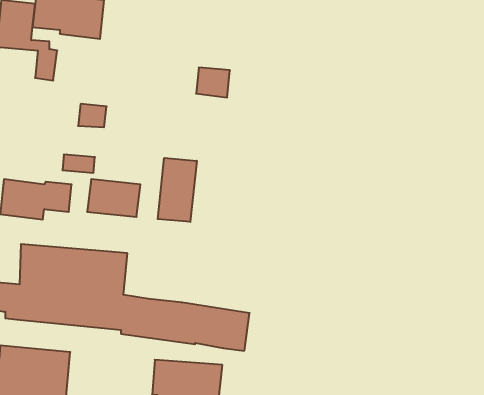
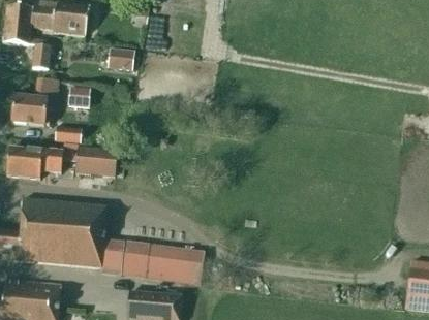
building: [196,68,230,97] -> [108,47,134,71]
building: none -> [11,78,57,124]
building: [158,158,197,222] -> none

